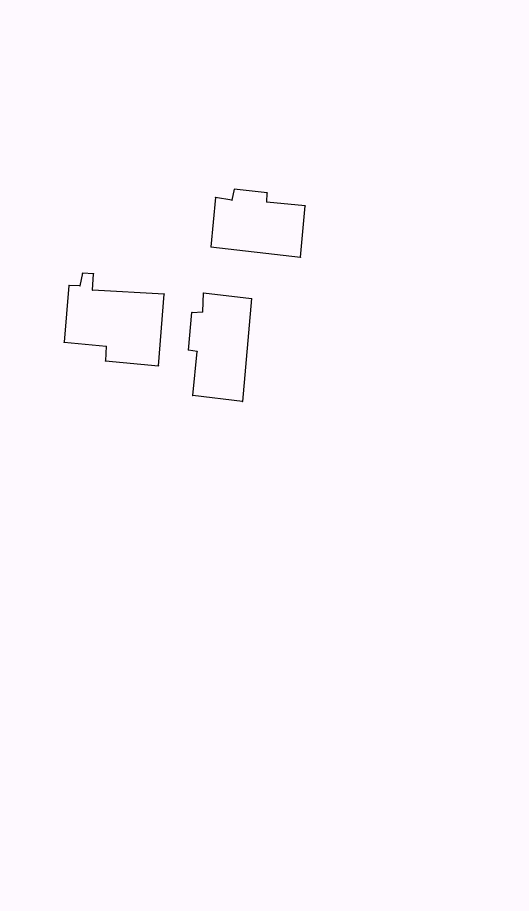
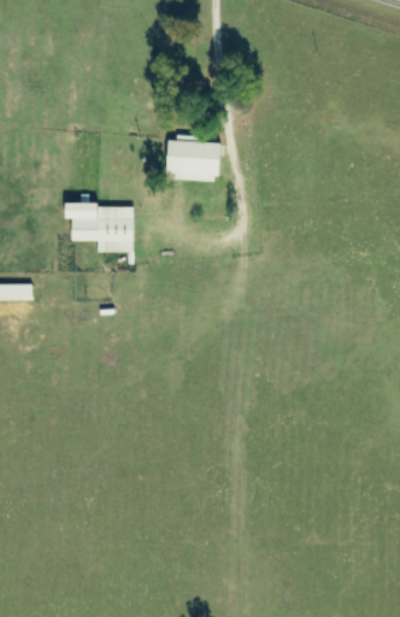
building: [188,293,252,402] -> none

